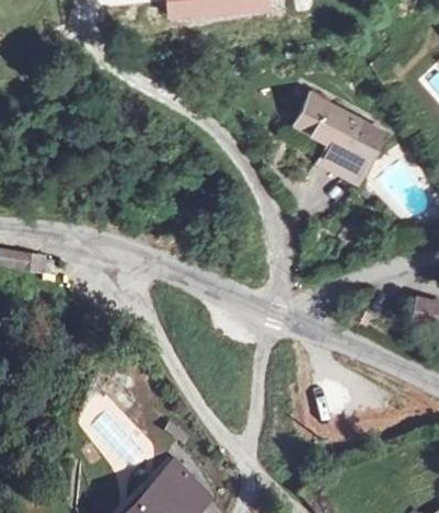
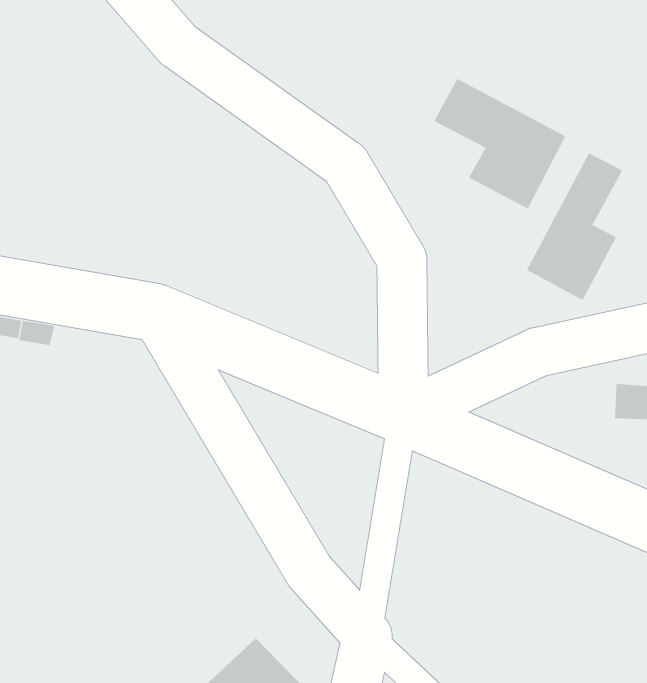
building: none -> [526,153,623,301]

